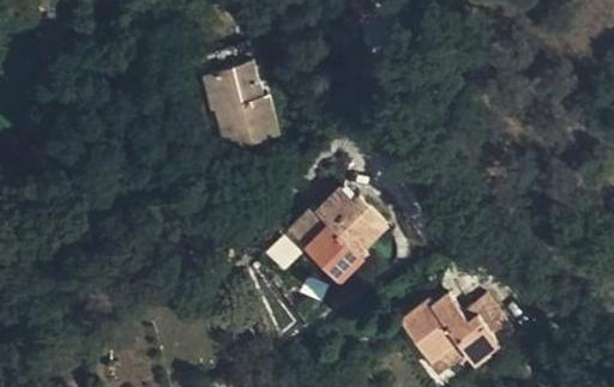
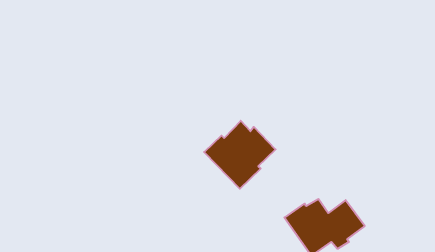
building: [192,47,279,151] -> none

